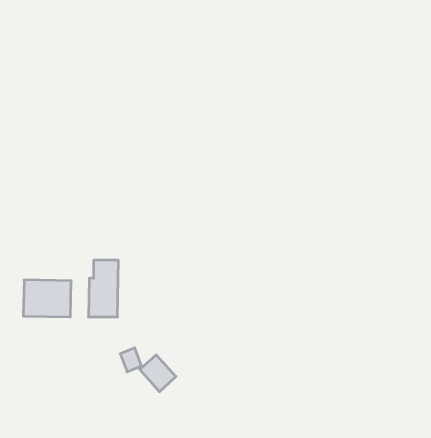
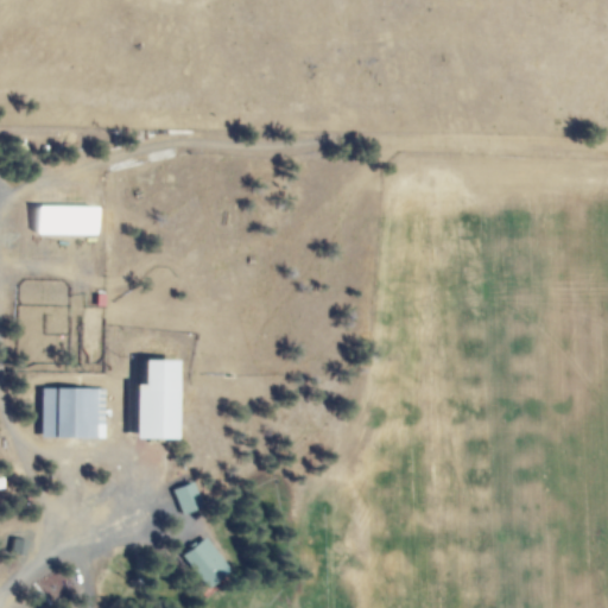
building: none -> [37,207,96,233]
building: [140,355,176,392] -> [185,537,235,588]

